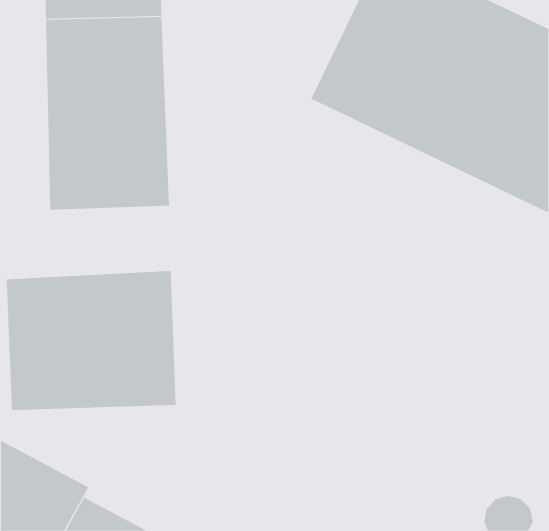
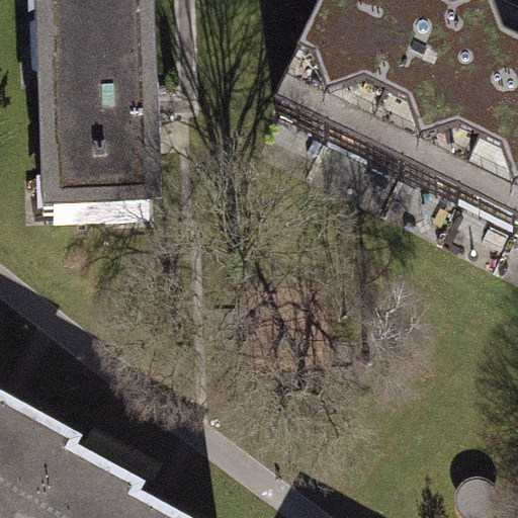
building: [6,270,176,411] -> none

